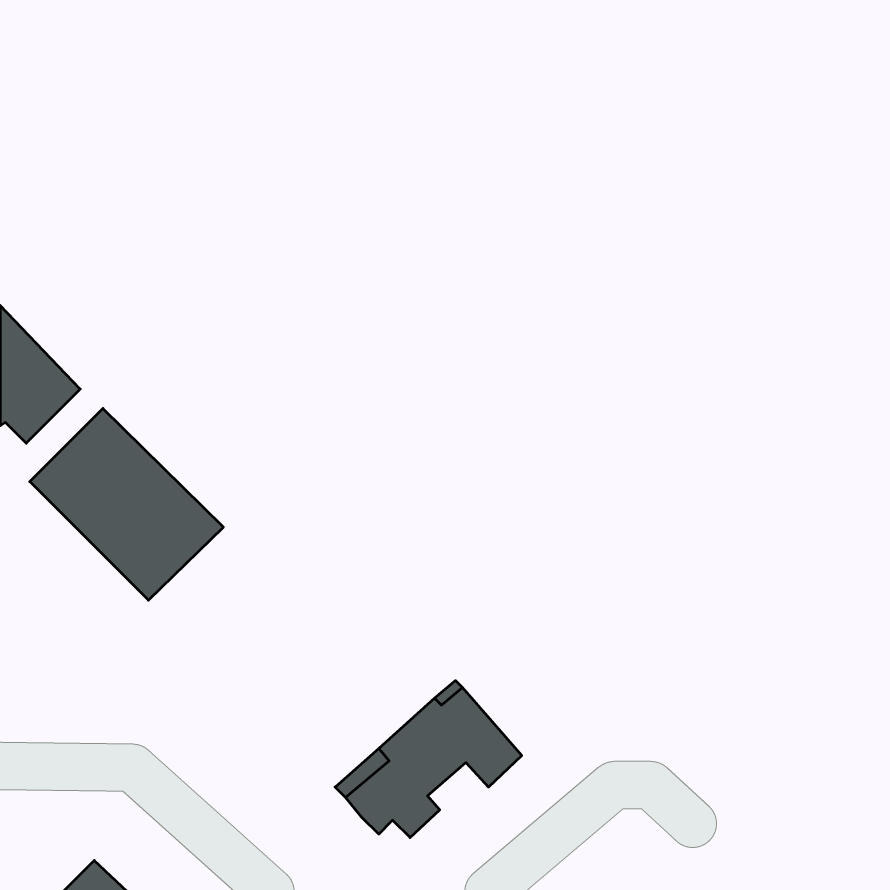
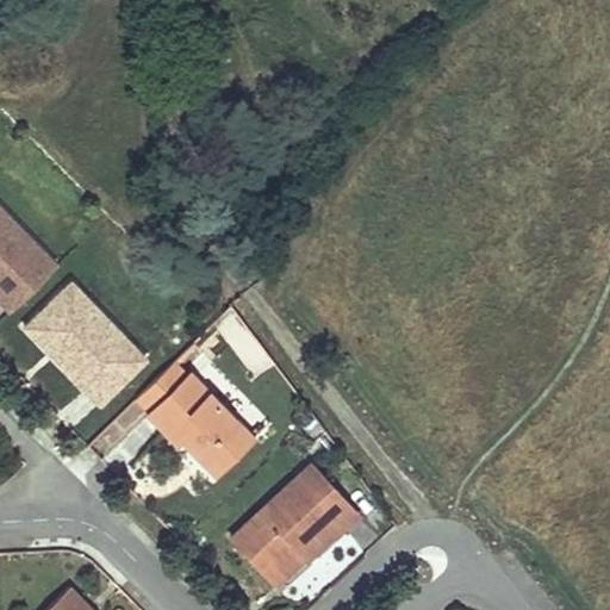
building: none -> [137,361,251,473]
building: none -> [260,522,335,587]

